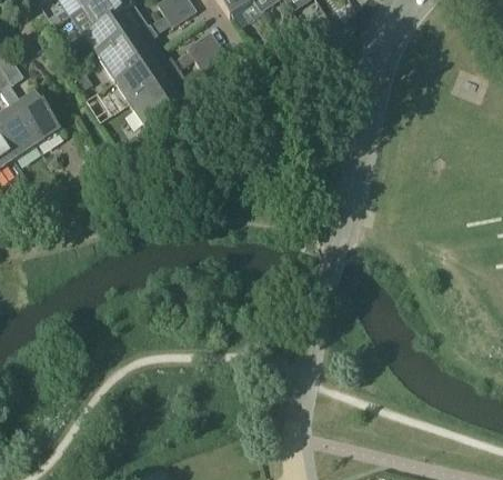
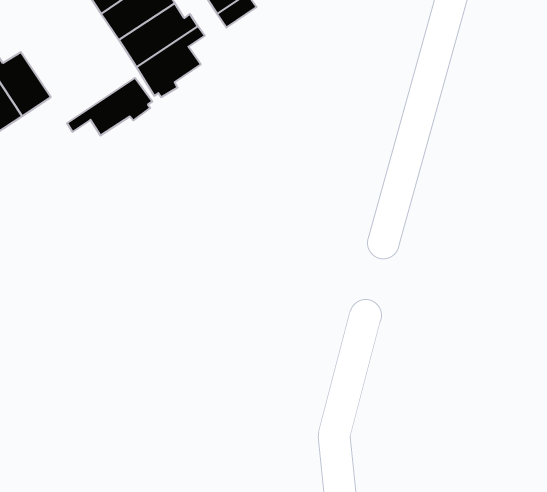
building: none -> [67,78,152,136]

